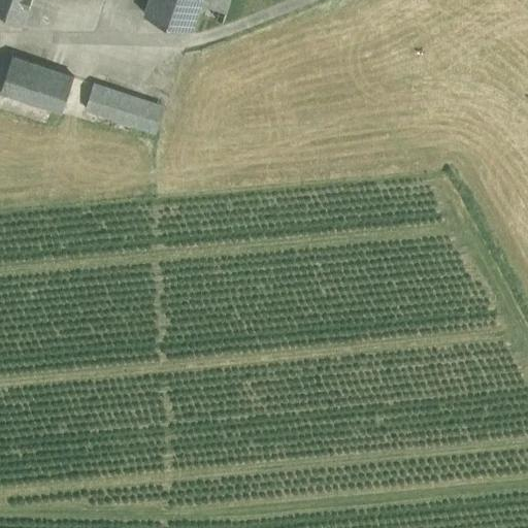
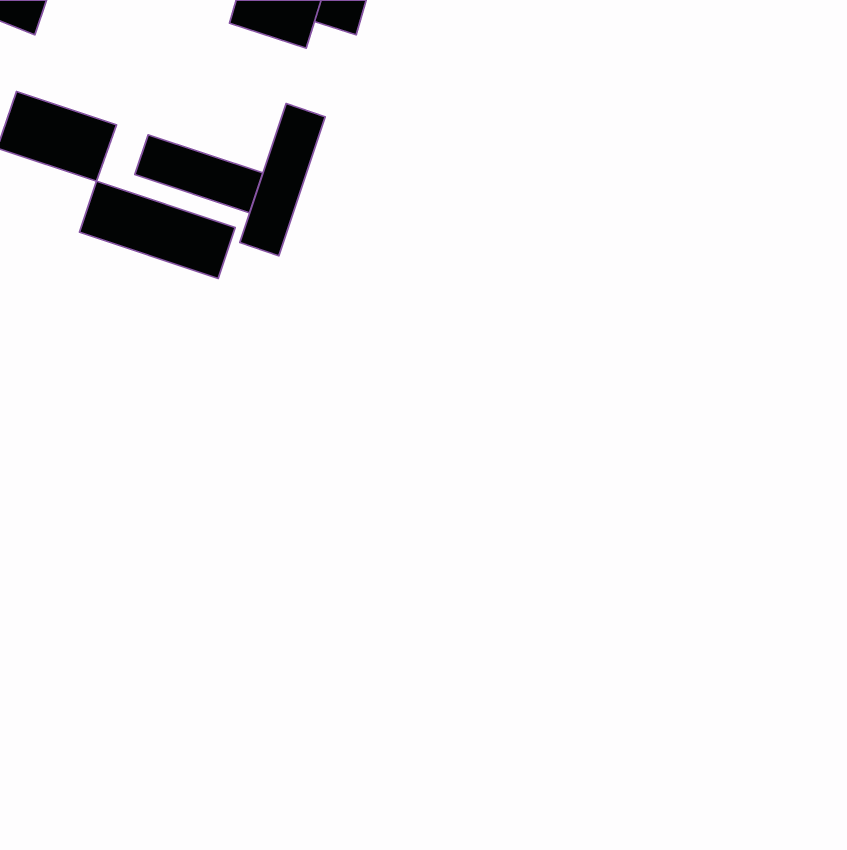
building: none -> [240,104,325,256]
building: none -> [80,181,235,278]

